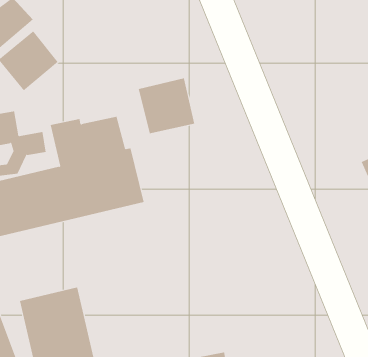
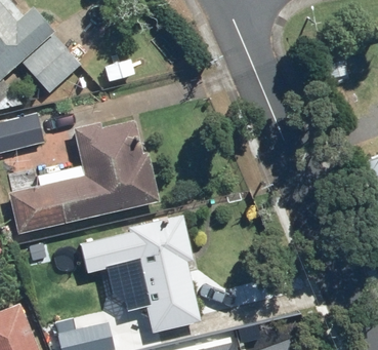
building: [138,78,195,134] -> none
building: none -> [76,215,201,333]

